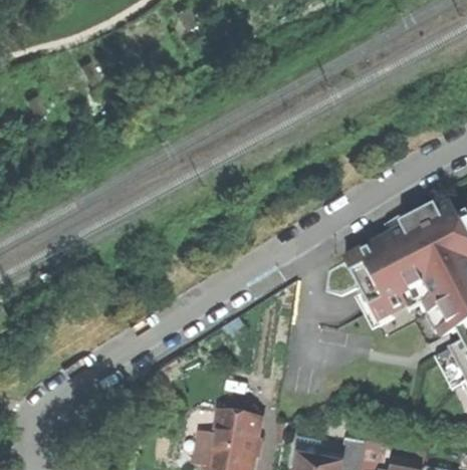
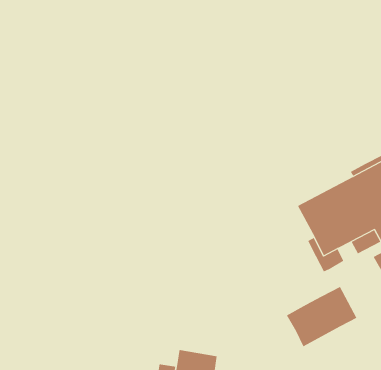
building: none -> [286,286,357,347]

